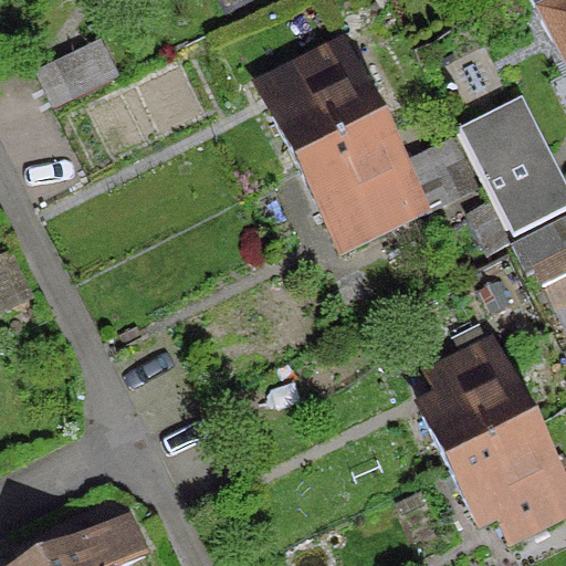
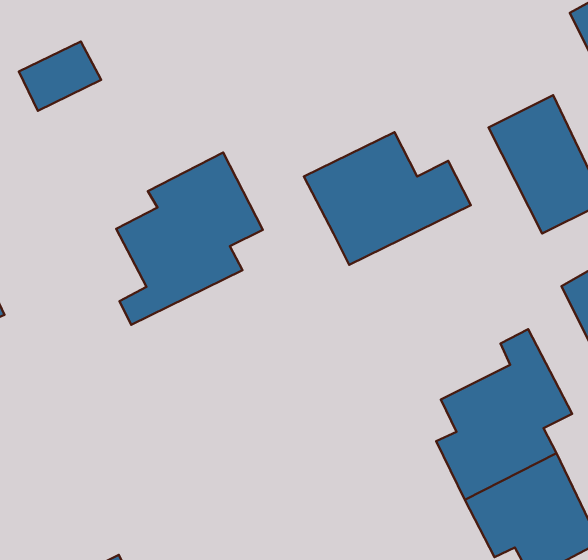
building: [256,43,382,168] -> none
building: none -> [116,153,263,325]

